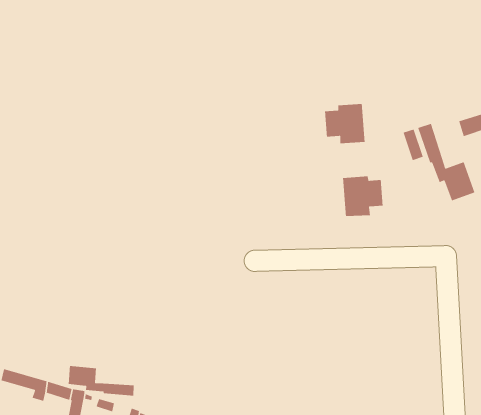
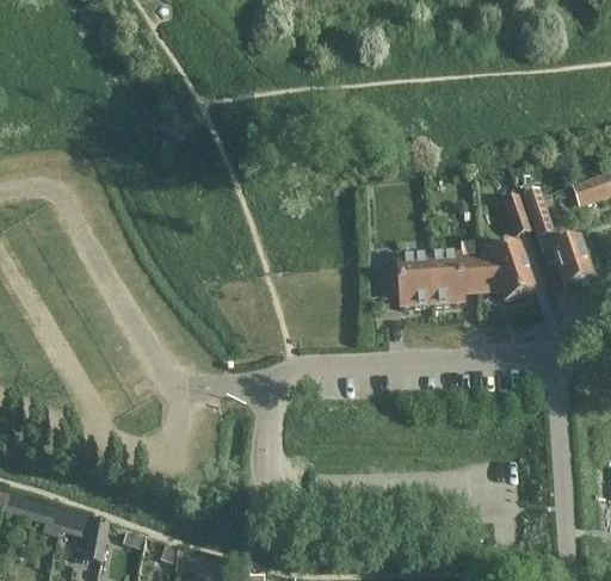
building: [324,103,365,144] -> [381,255,432,307]
building: none -> [477,242,536,299]
building: [68,365,135,396] -> none

